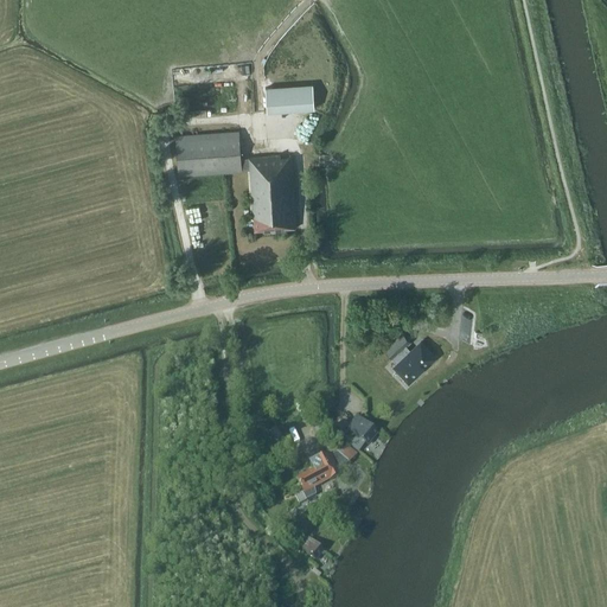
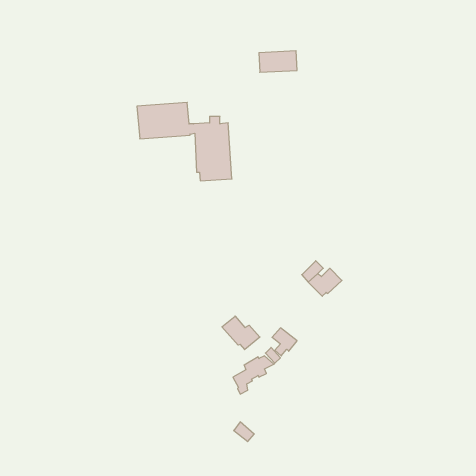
building: [266,84,314,111] -> [259,51,297,72]
building: none -> [222,316,260,350]

